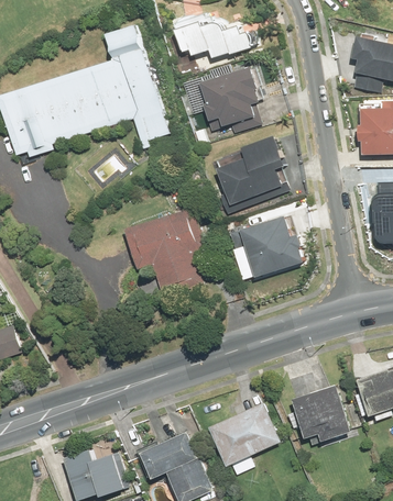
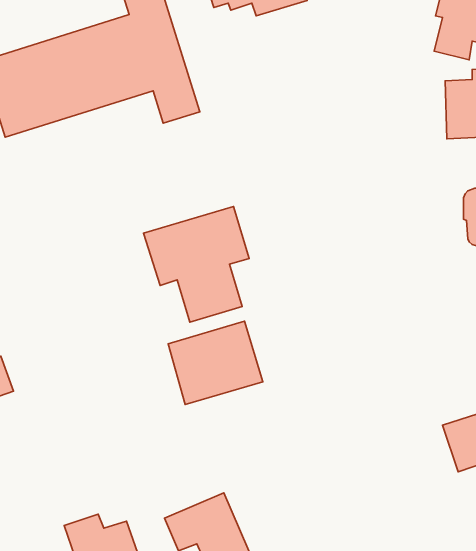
building: [201,66,264,131] -> none
building: [215,137,286,213] -> none
building: [230,215,304,280] -> [168,321,263,404]
building: [293,382,351,439] -> none
building: [208,400,281,464] -> none

